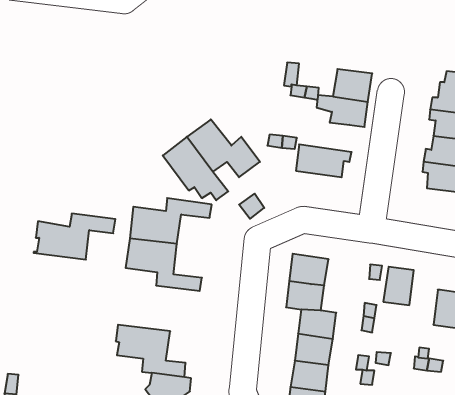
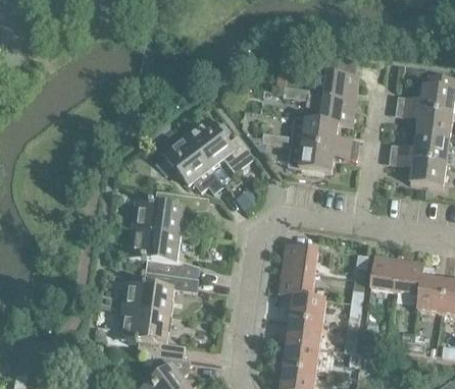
building: none -> [291,116,341,149]
building: [34,214,115,260] -> [121,273,198,316]
building: none -> [394,259,424,294]

